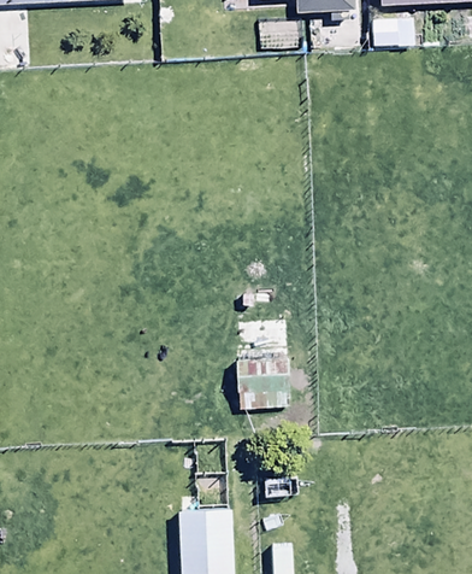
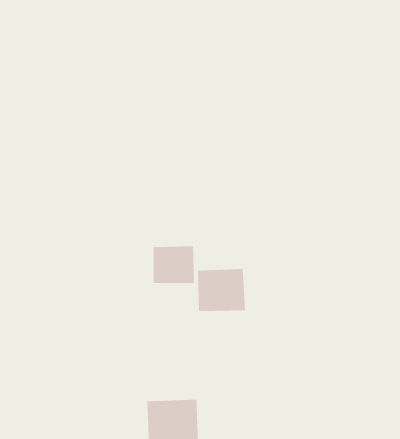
building: none -> [153,245,195,284]

